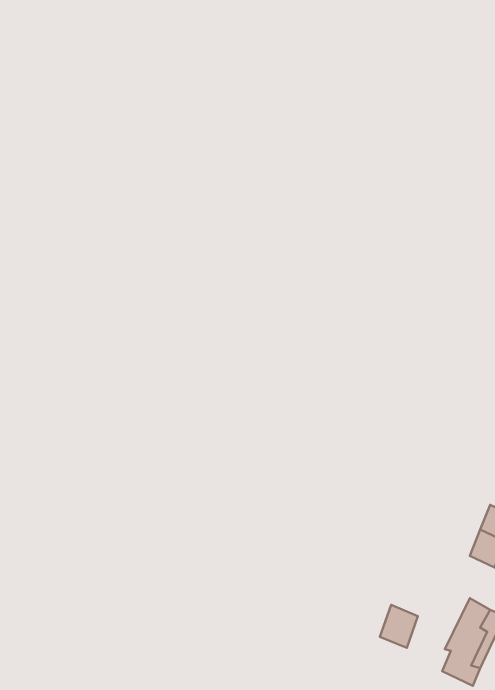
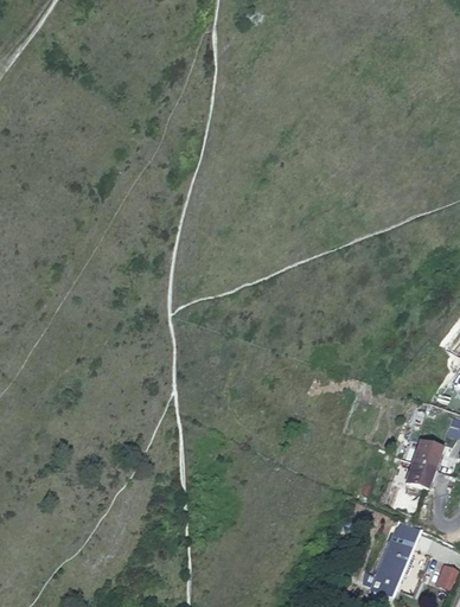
building: [380,605,418,648] -> none

